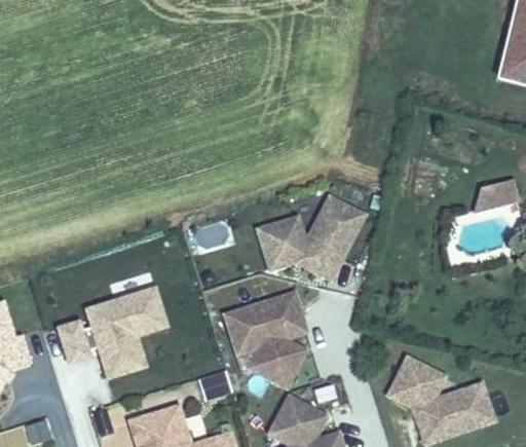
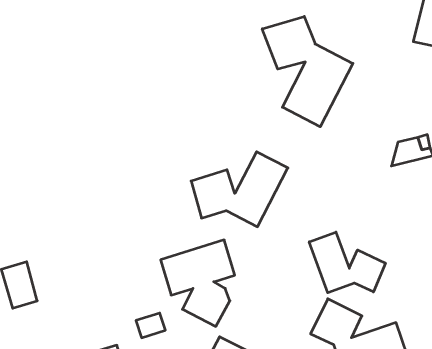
building: none -> [262,16,353,127]
building: [82,270,171,379] -> none
building: none -> [309,232,385,293]

